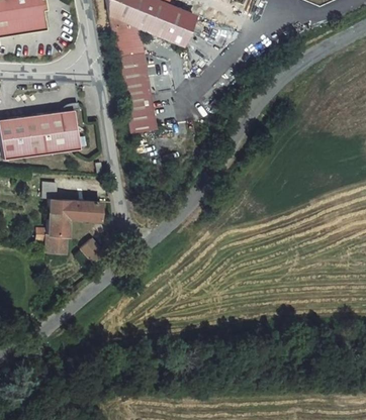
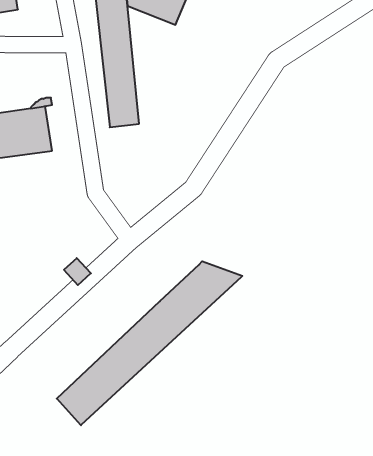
building: [40,185,105,257] -> none
building: none -> [57,261,242,425]

